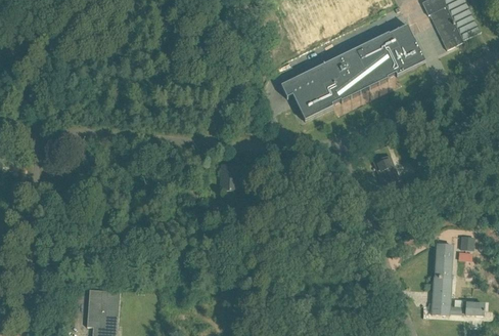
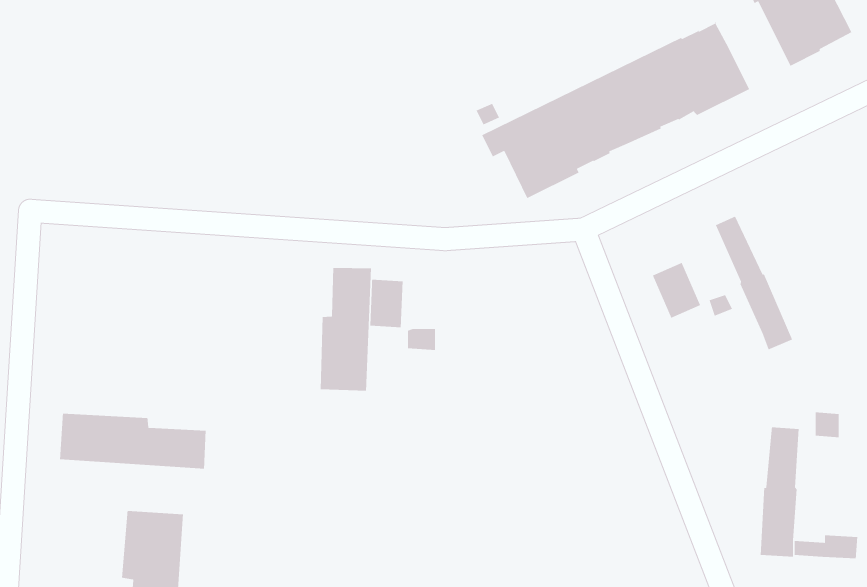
building: none -> [715,216,793,351]
building: none -> [320,267,372,392]
building: none -> [59,413,206,469]

